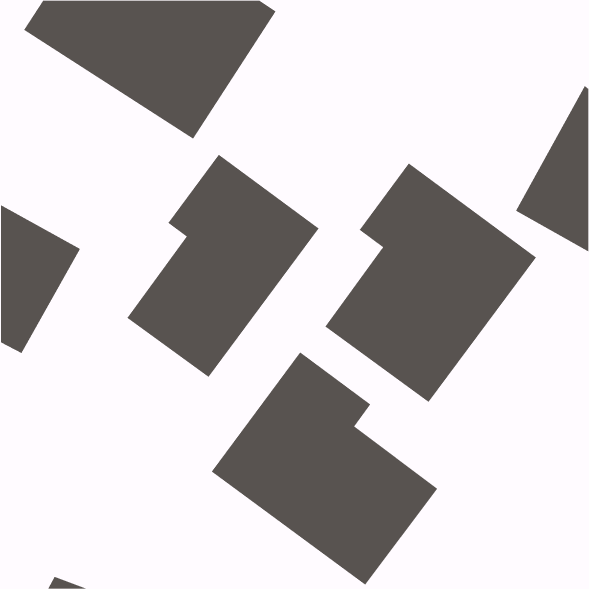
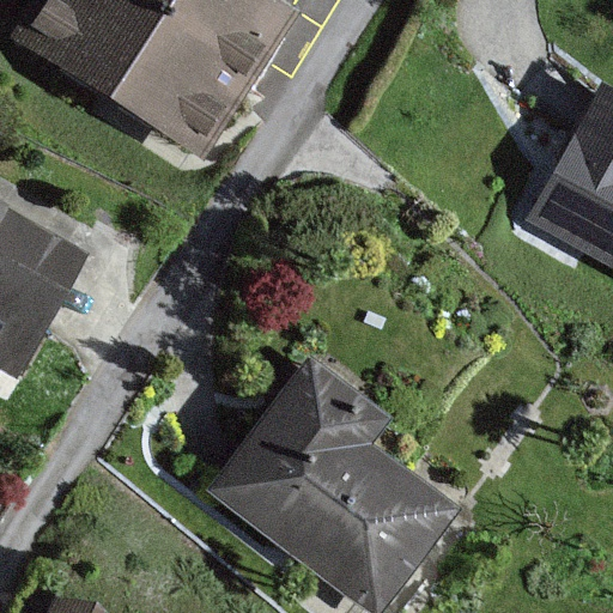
building: [126,154,319,378] -> none
building: [324,163,537,403] -> none

